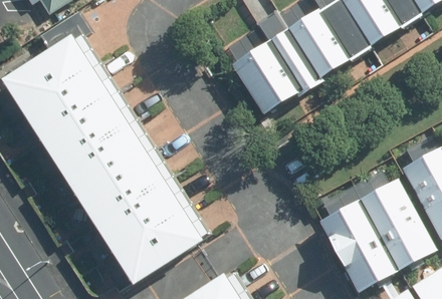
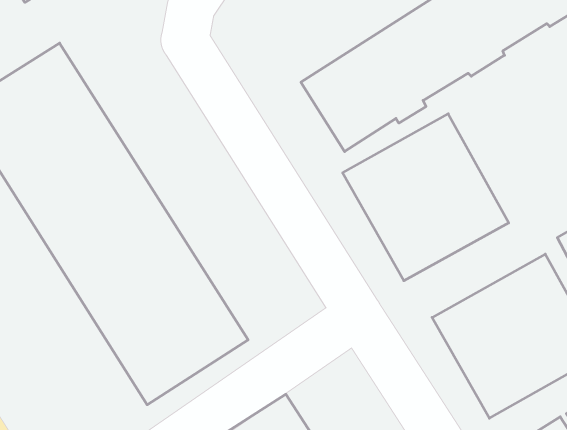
building: none -> [343,114,509,281]

